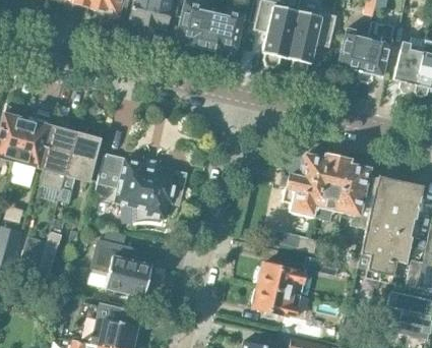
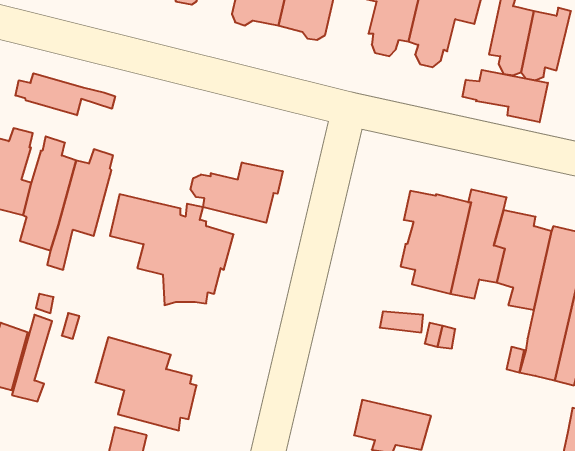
building: none -> [462,70,548,122]
building: none -> [15,73,115,115]
building: none -> [191,162,283,223]
building: [258,254,340,294] -> none

